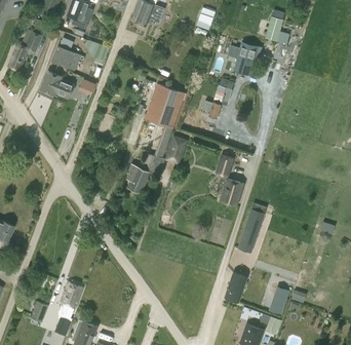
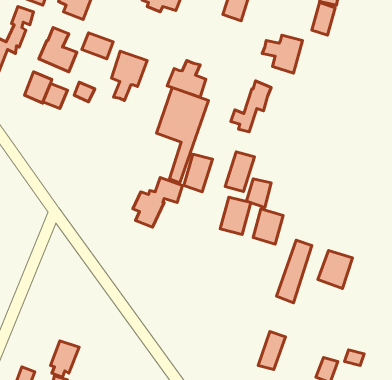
building: none -> [112,51,147,101]
building: none -> [167,60,206,97]
building: none -> [225,152,255,192]
building: none -> [220,197,251,234]
building: none -> [318,251,353,289]

